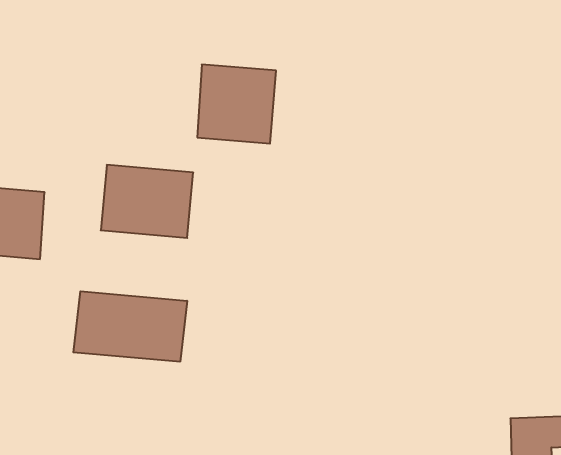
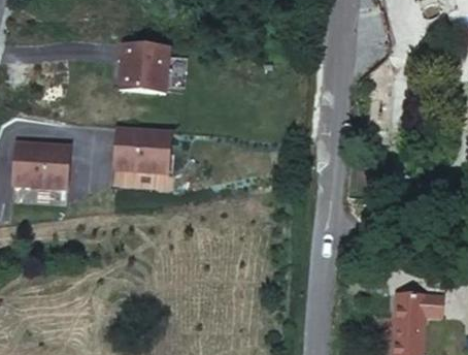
building: [197,65,276,144] -> [118,41,171,95]
building: [73,291,187,362] -> none

